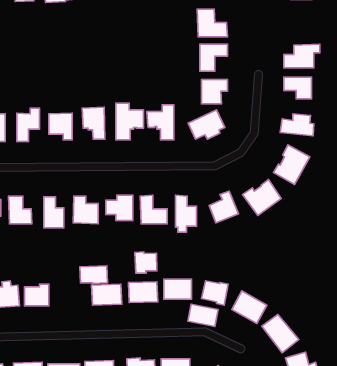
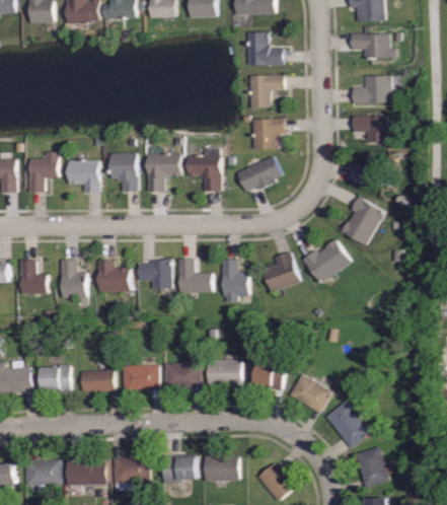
building: none -> [351,31,395,59]
building: [135,252,157,273] -> none
building: [80,266,108,284] -> [80,370,114,391]
building: [188,304,218,327] -> none

